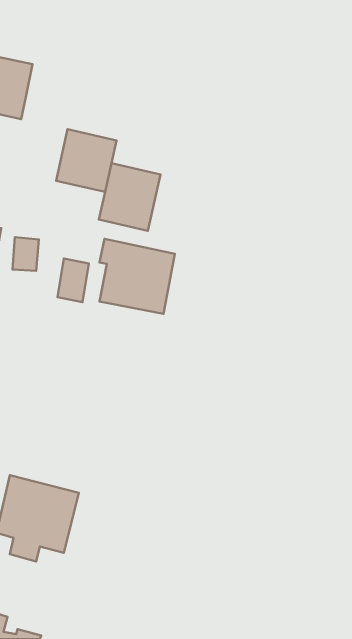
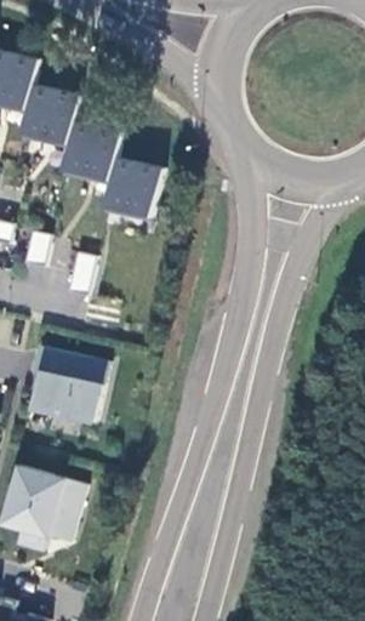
building: none -> [24,93,79,148]
building: [99,239,175,314] -> [35,344,108,417]

